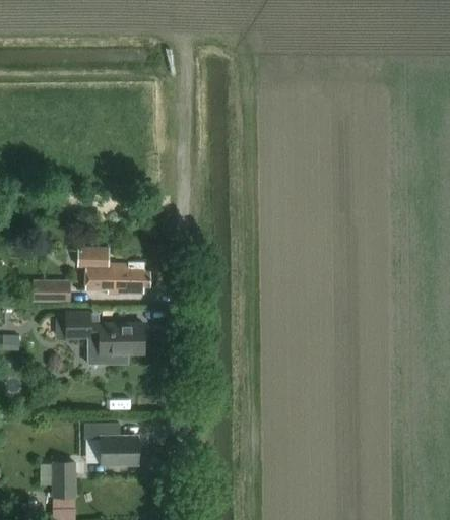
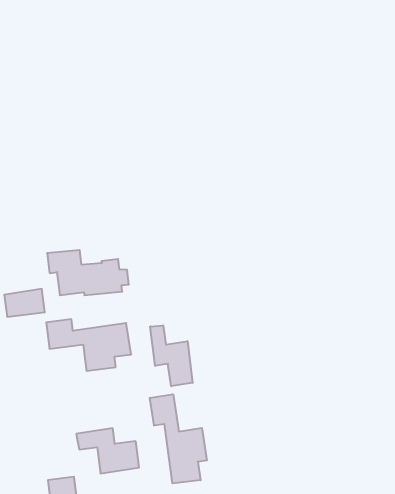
building: none -> [150,325,193,386]
building: none -> [150,394,207,483]

